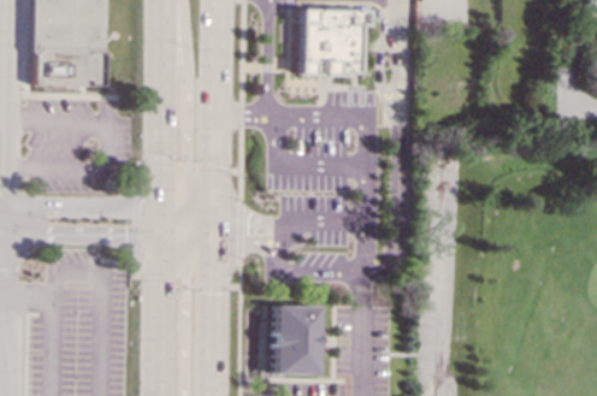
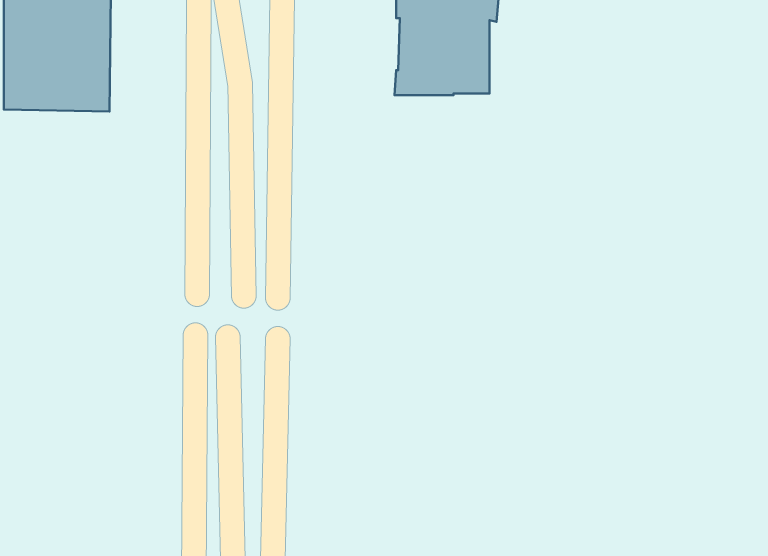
building: [273,303,320,373] -> none

